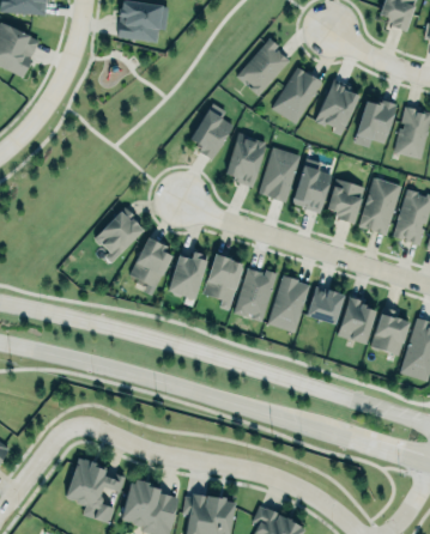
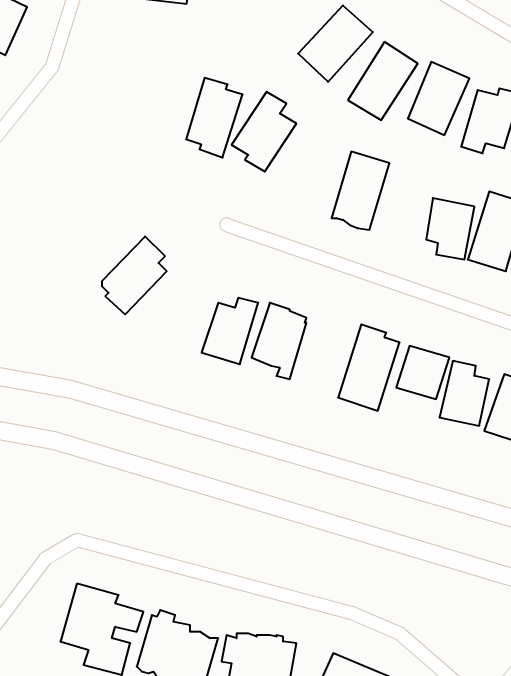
building: [226,132,267,189] -> [186,78,243,158]
building: [293,157,333,213] -> none
building: [129,241,172,290] -> none
building: [234,267,275,321] -> none

